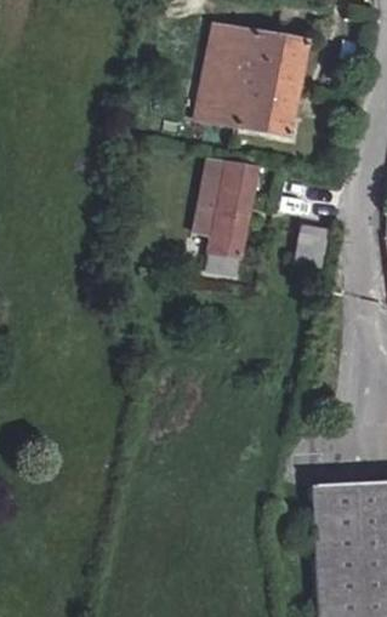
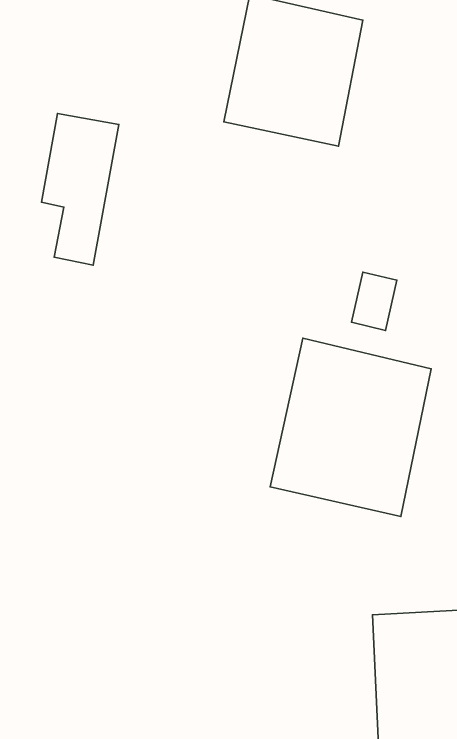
building: [199,162,257,276] -> [41,113,119,265]
building: none -> [270,338,431,517]

